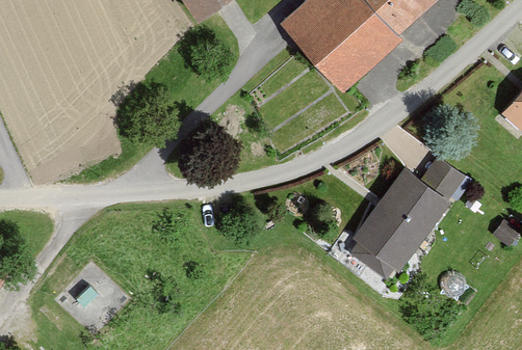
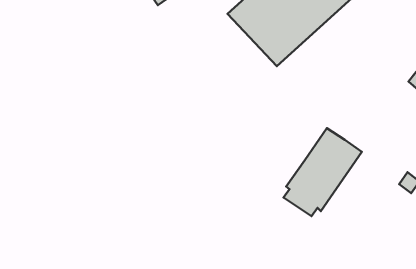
building: [424,163,468,204] -> none

